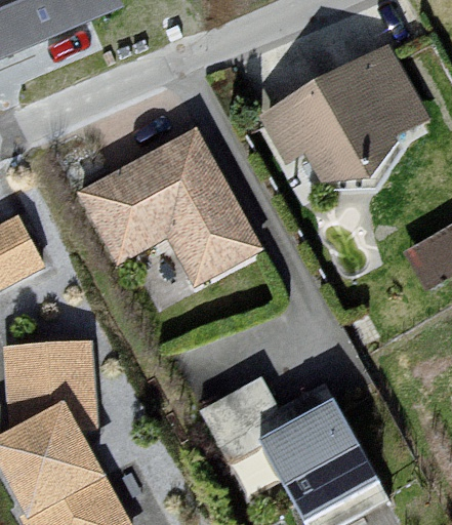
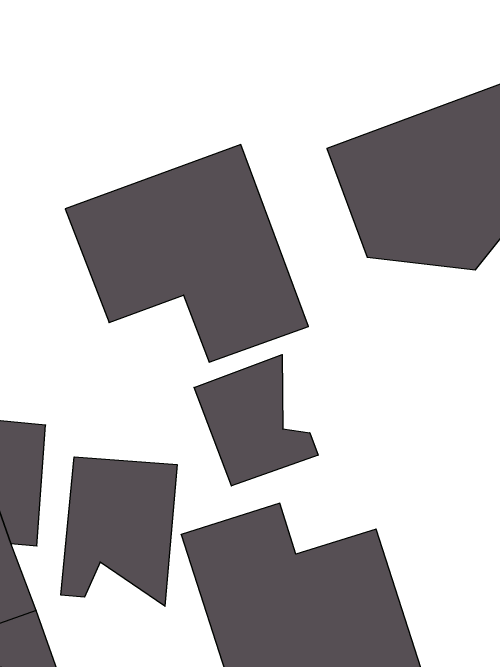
building: none -> [194,355,318,486]
building: none -> [61,457,177,606]

